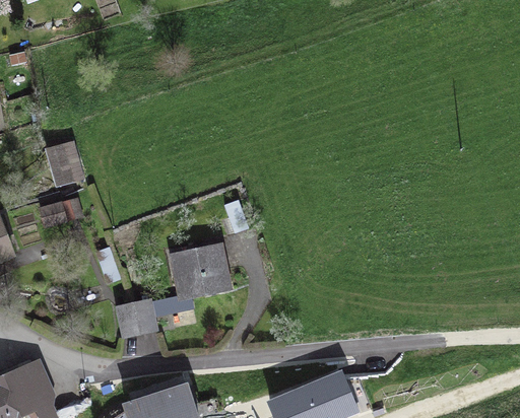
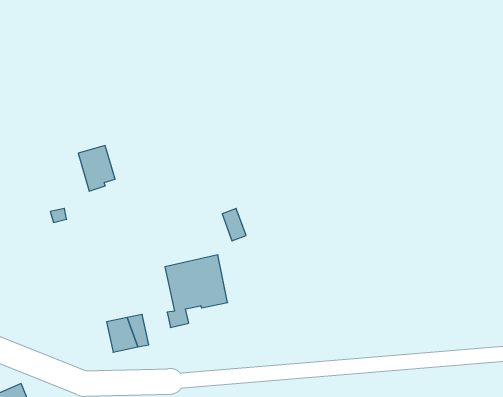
building: [47,141,81,184] -> [78,146,115,191]

